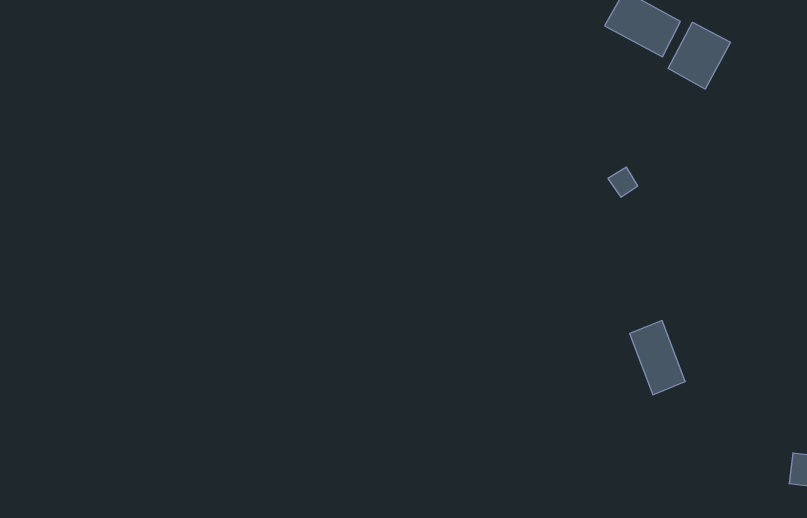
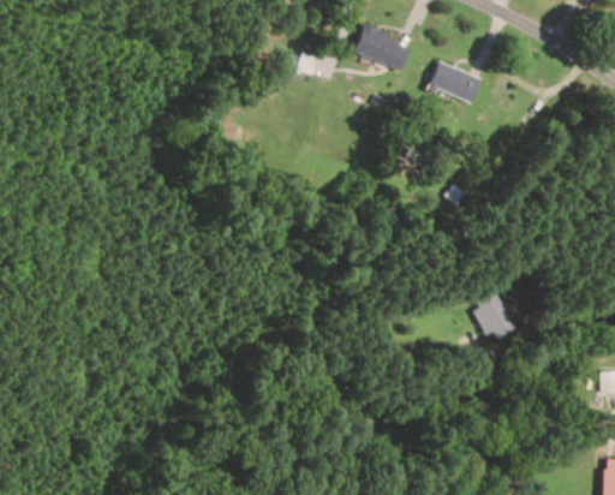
building: [668,22,730,89] -> none

